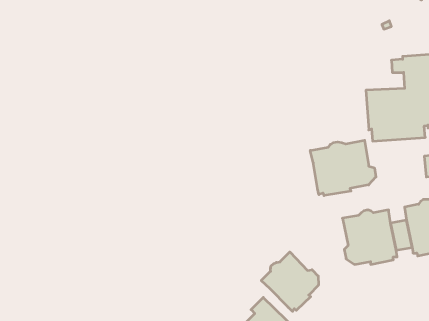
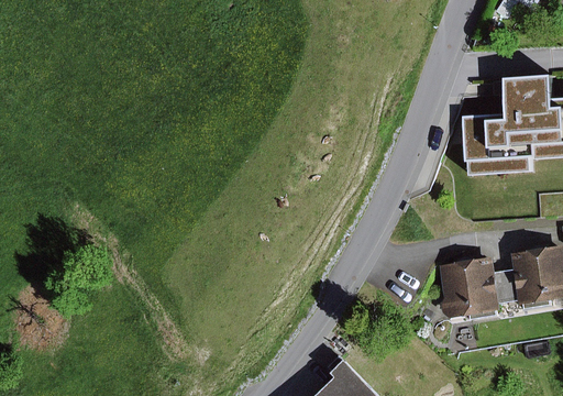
building: [310,140,376,196] -> none
building: [261,252,318,311] -> none

